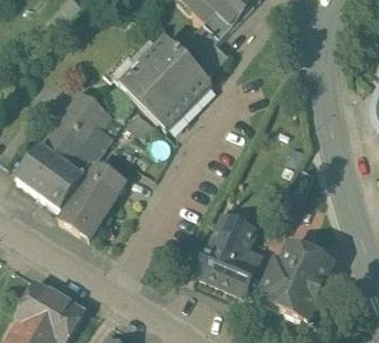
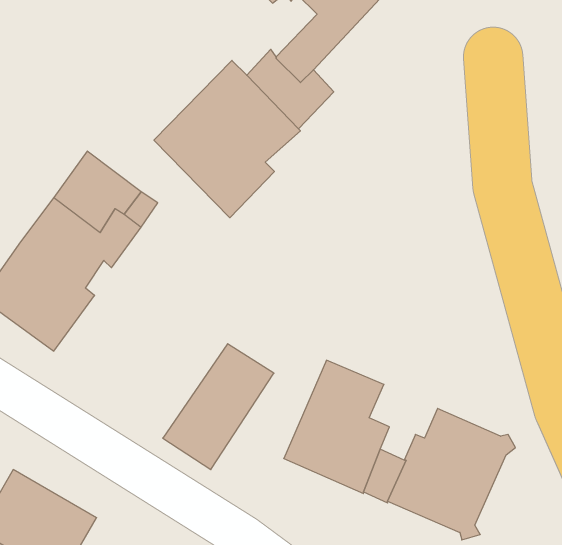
building: [61,162,127,237] -> [163,344,274,470]

